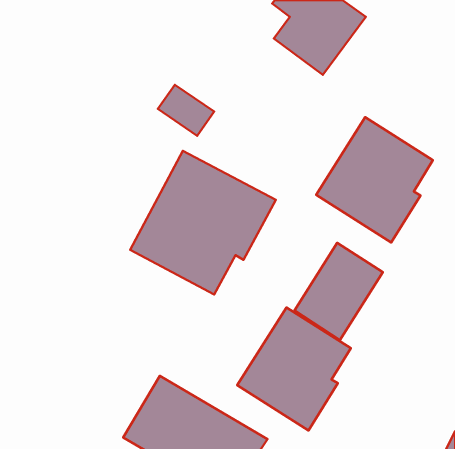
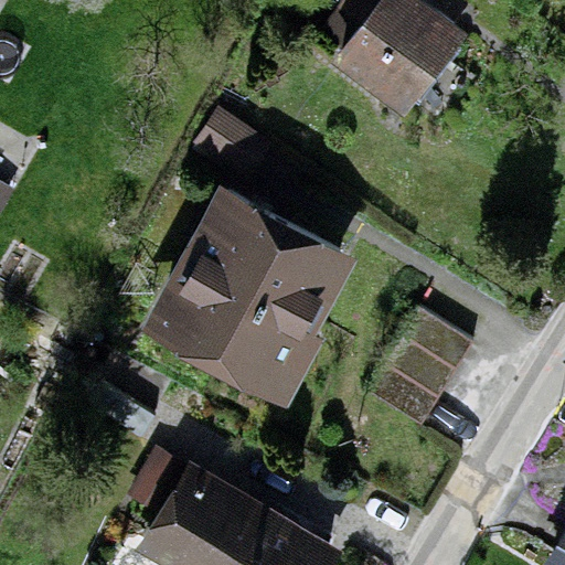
building: [316,117,433,242] -> none
building: [237,307,351,430] -> none

